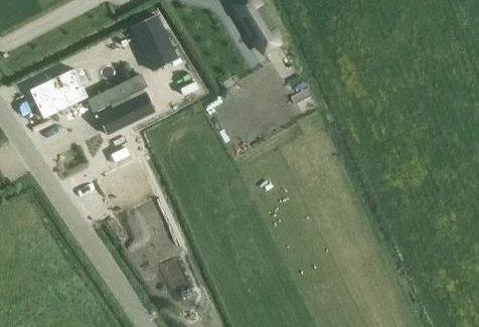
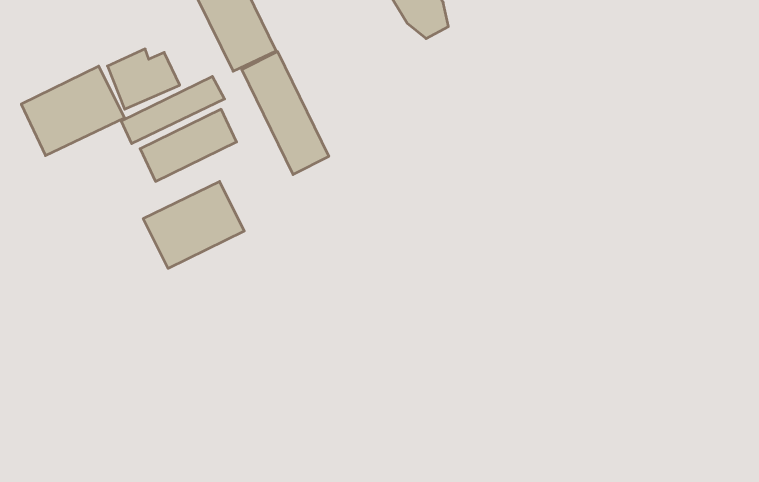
building: none -> [242,52,329,175]
building: none -> [143,181,244,268]

